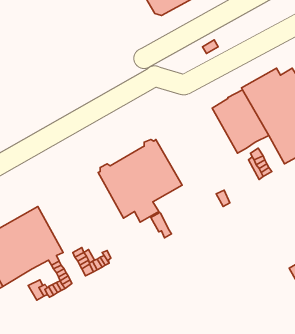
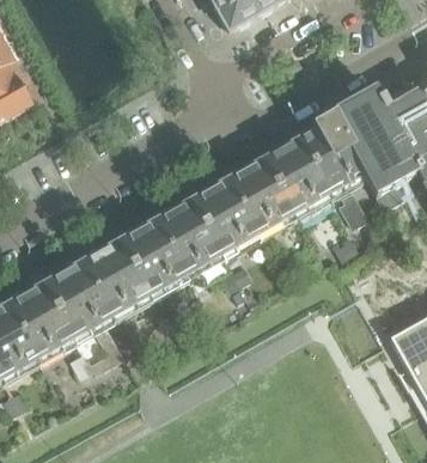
building: none -> [225,136,325,233]
building: none -> [80,217,185,316]

